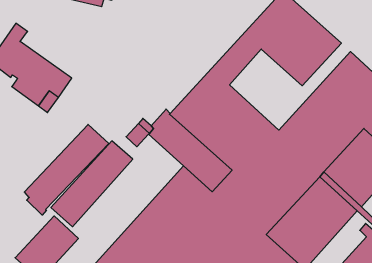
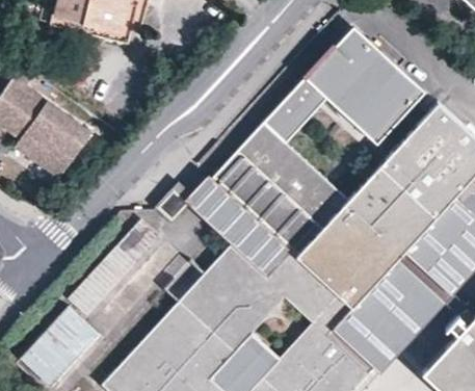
building: [24,124,109,215] -> none

